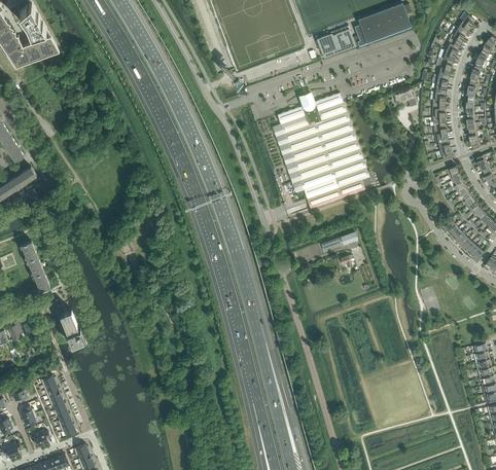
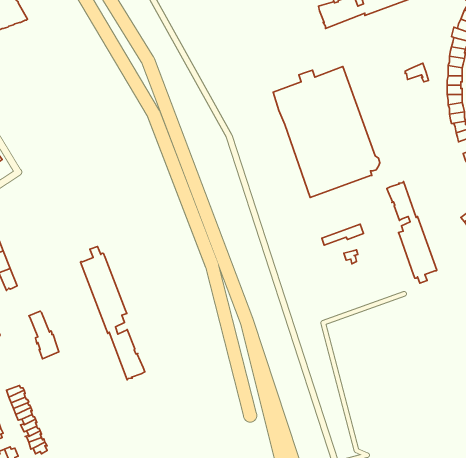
building: none -> [387,181,437,283]
building: none -> [80,246,145,380]

